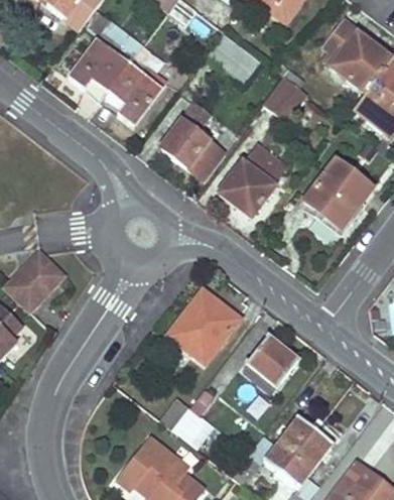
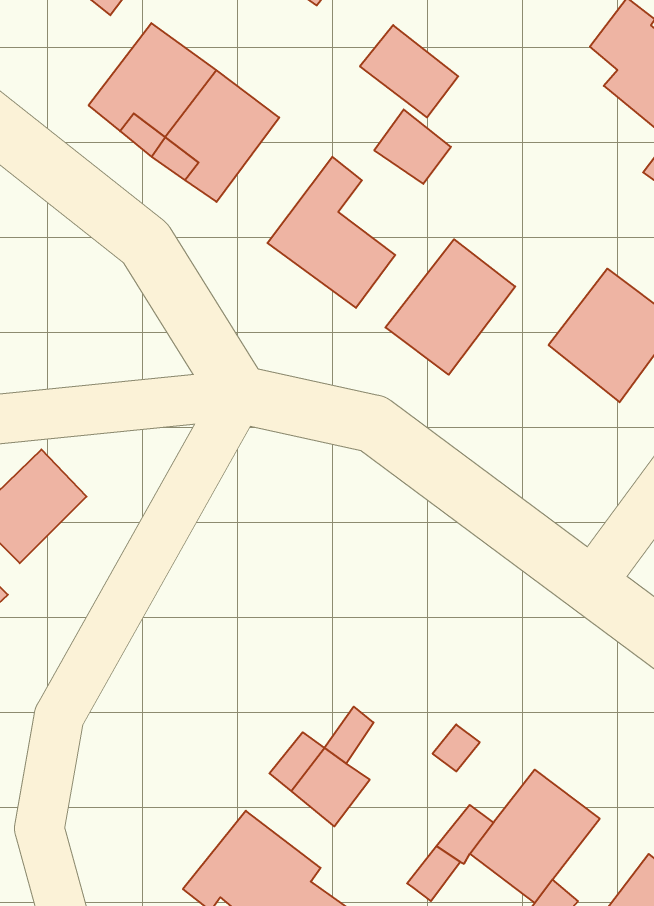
building: [267,75,306,113] -> [374,109,451,184]
building: [168,288,239,361] -> none
building: [247,336,297,384] -> none

